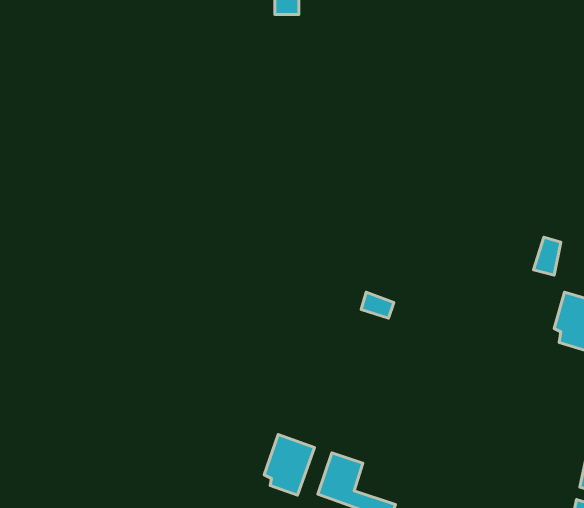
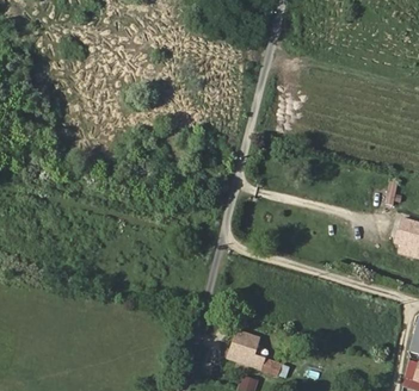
building: [264,434,315,495] -> none

